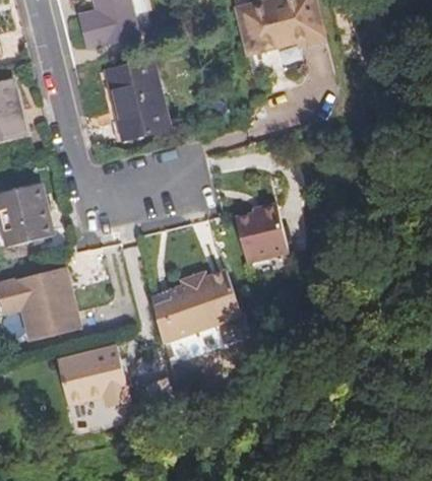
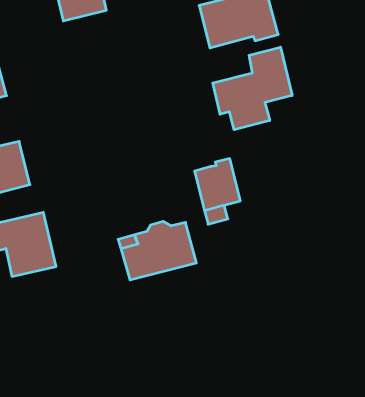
building: [105,60,169,140] -> none
building: none -> [213,47,292,130]
building: [57,348,130,410] -> none

